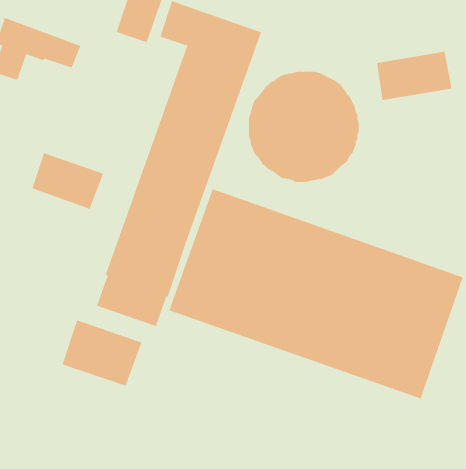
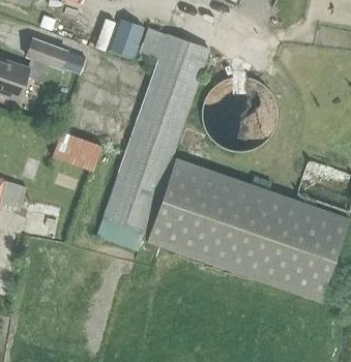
building: [376,51,452,101] -> none
building: [62,319,142,387] -> none

